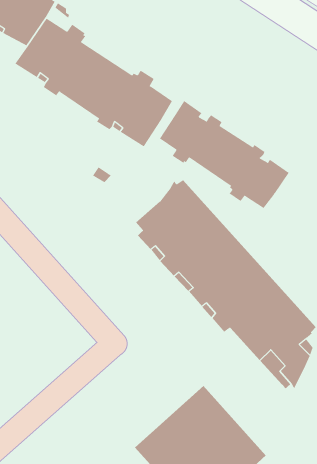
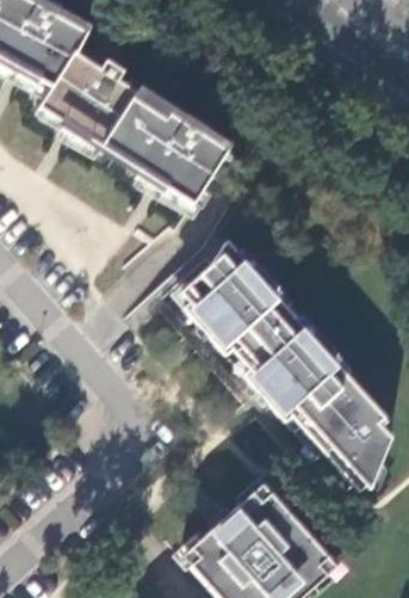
building: [159,100,289,209] -> none

